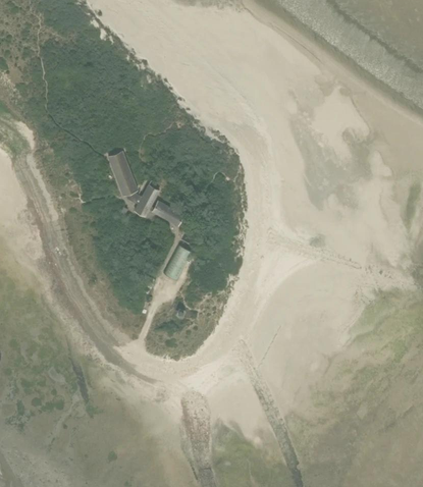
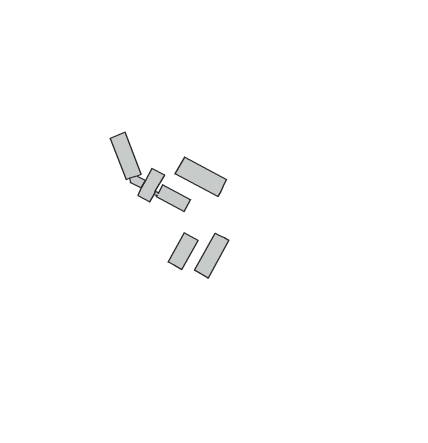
building: none -> [175,157,226,196]
building: none -> [195,233,229,278]

